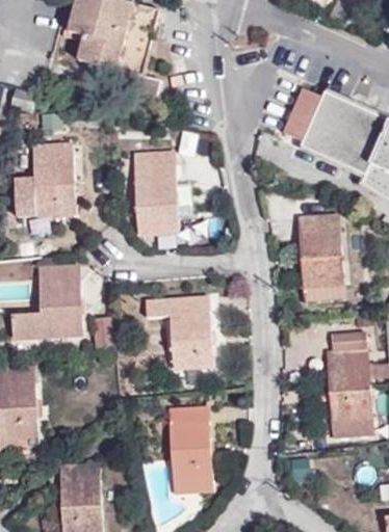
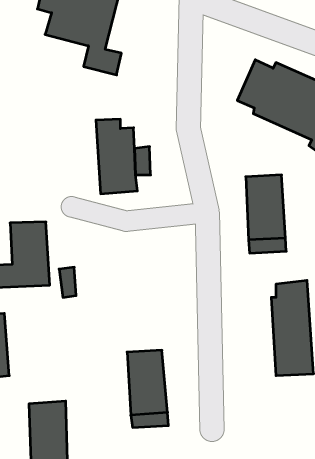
building: [32,142,76,215] -> none
building: [146,296,213,369] -> none

